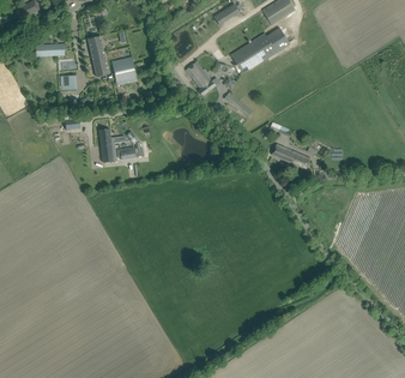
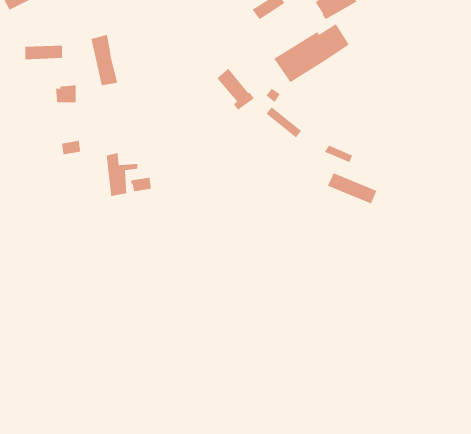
building: [111,55,138,85] -> none

